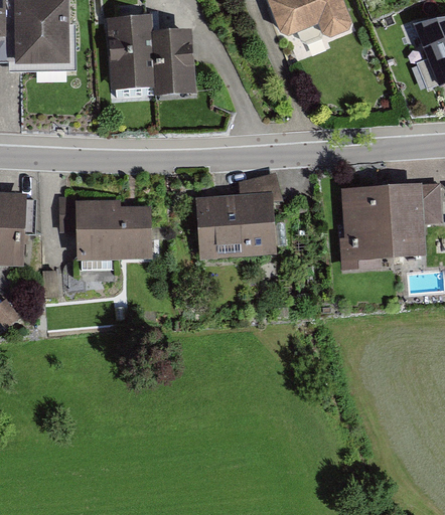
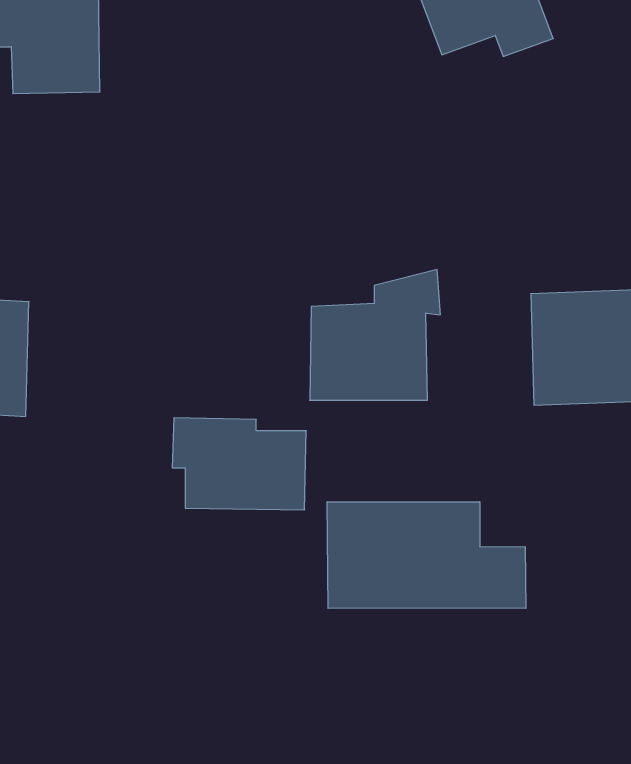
building: [109,15,196,96] -> none
building: [65,200,149,258] -> [172,418,306,510]
building: none -> [327,502,526,608]

